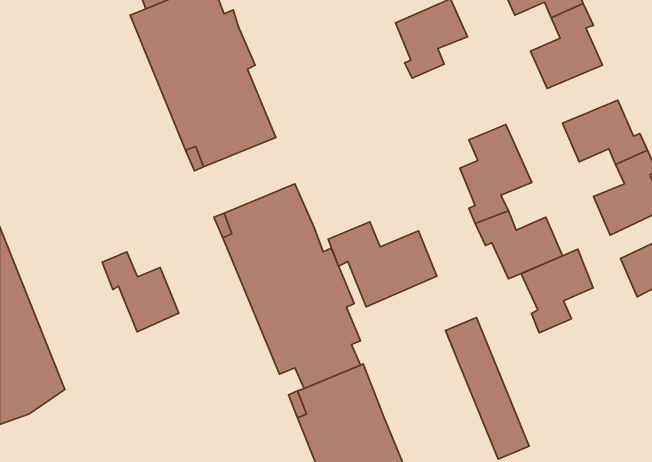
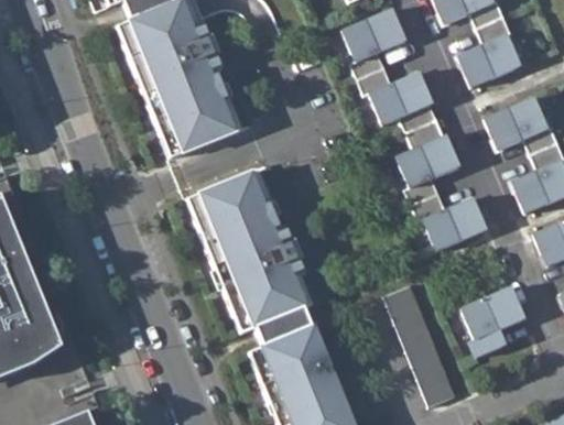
building: none -> [357,66,437,131]
building: [328,222,437,307] -> none
building: [521,249,593,333] -> [463,285,524,357]
building: [102,252,179,332] -> none

